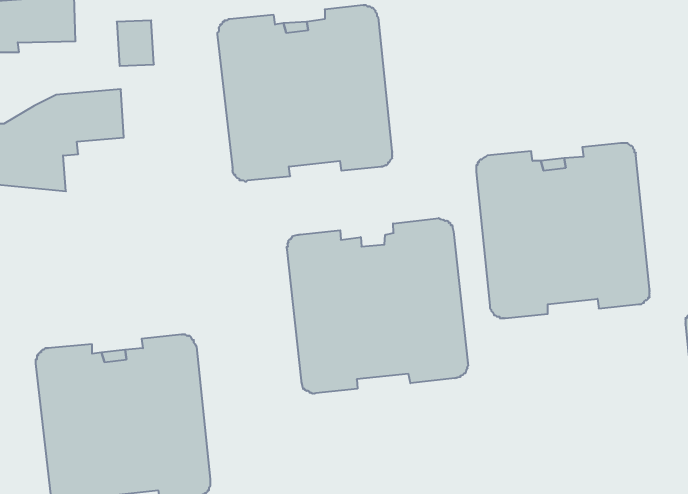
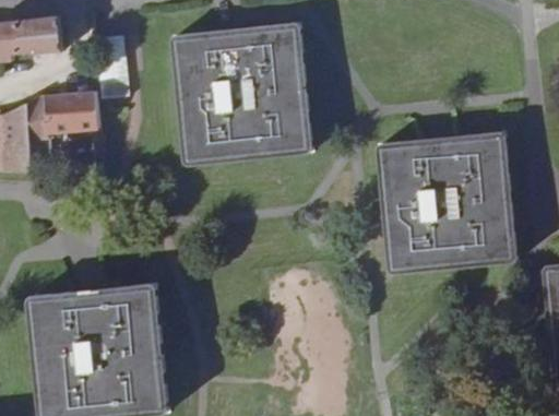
building: [287,218,468,394] -> none

